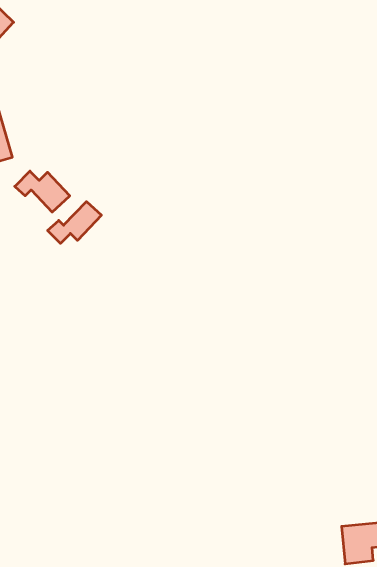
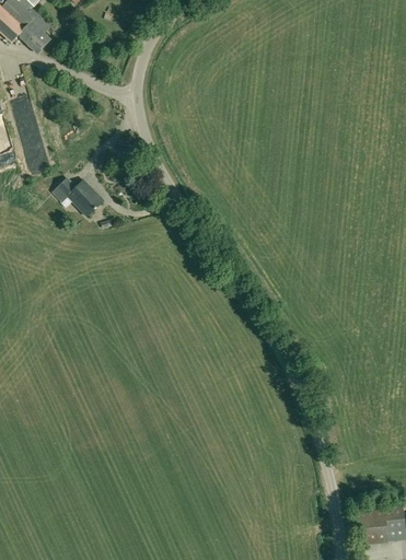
building: [48,202,101,243] -> none

